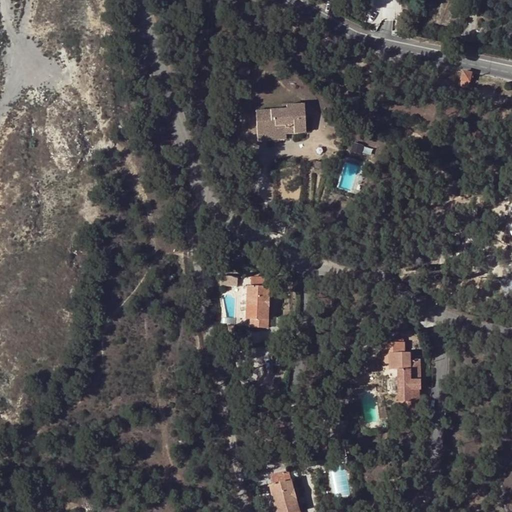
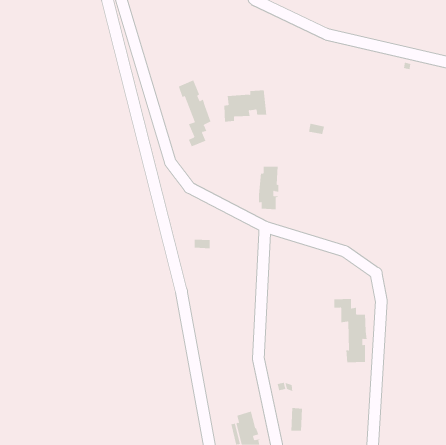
building: none -> [178,80,211,147]
building: [247,277,271,327] -> [258,166,279,210]

